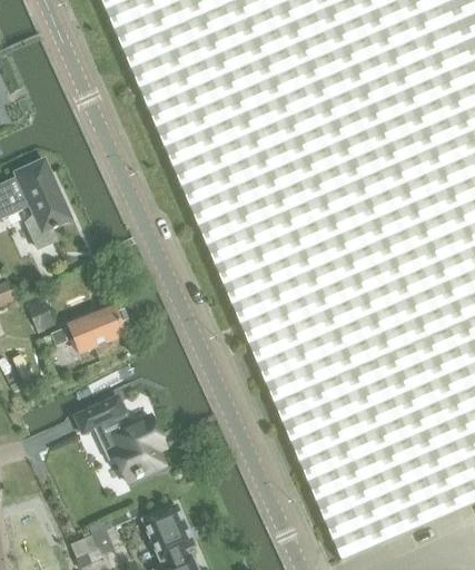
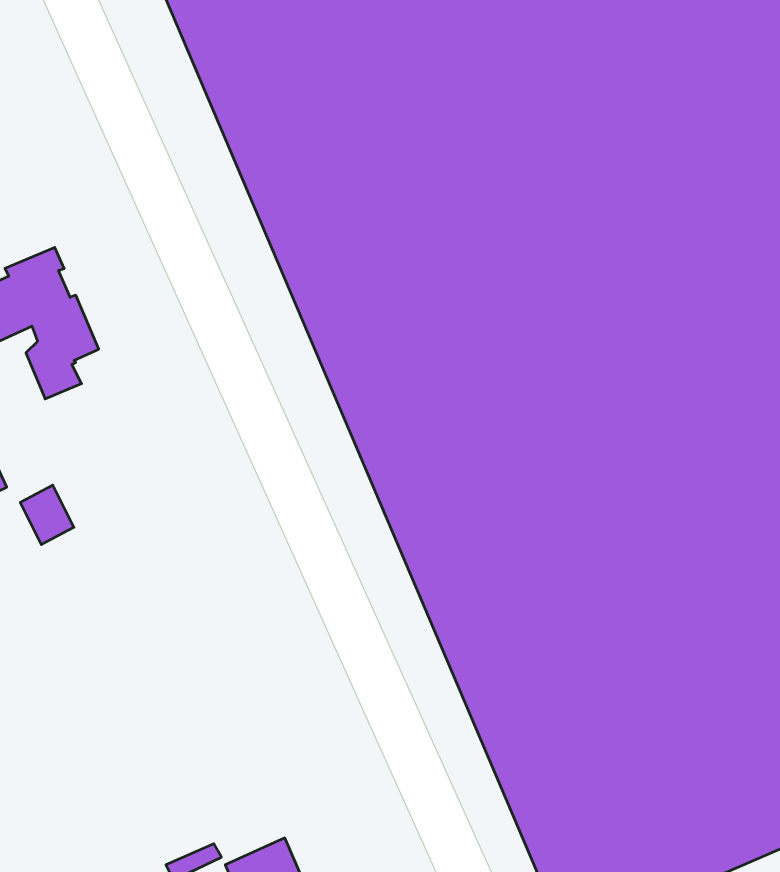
building: [37,306,125,352] -> none
building: [75,394,164,480] -> none

